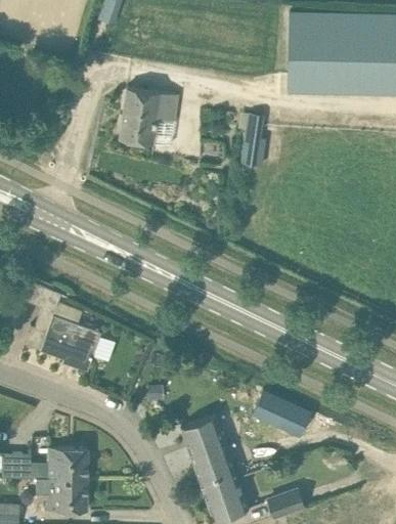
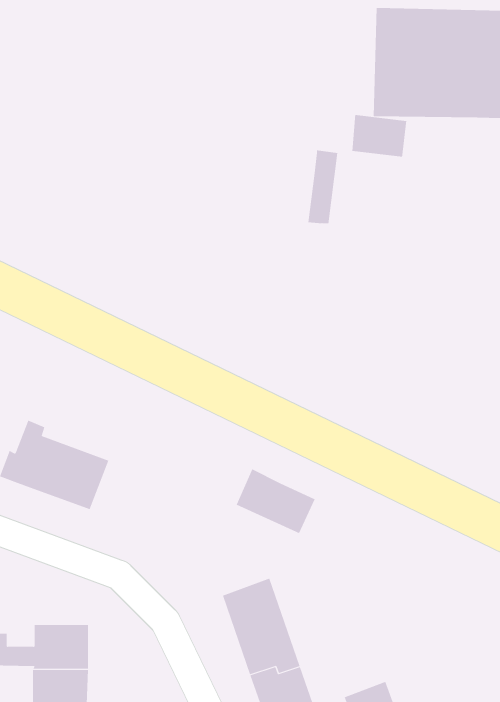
building: [119,89,178,145] -> none
building: none -> [352,114,407,157]
building: [253,390,309,436] -> [236,469,315,534]

